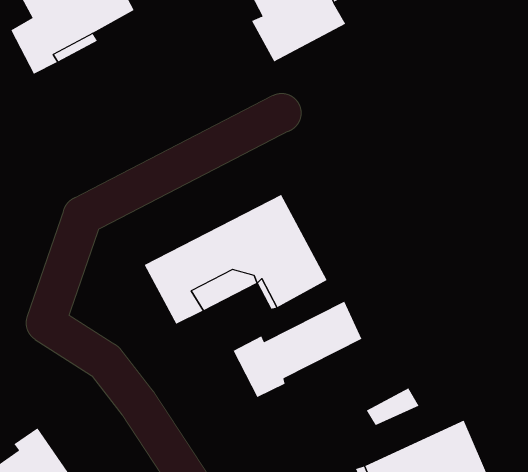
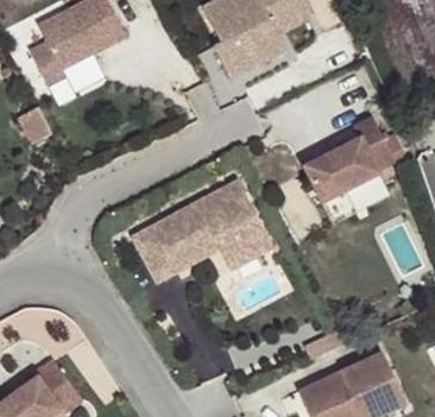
building: none -> [305,118,396,203]
building: [233,301,362,398] -> none

